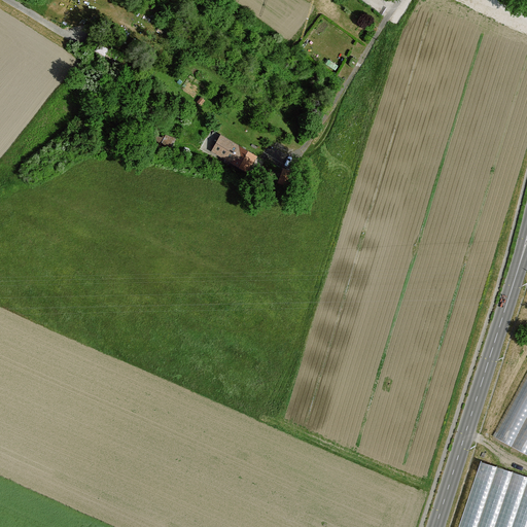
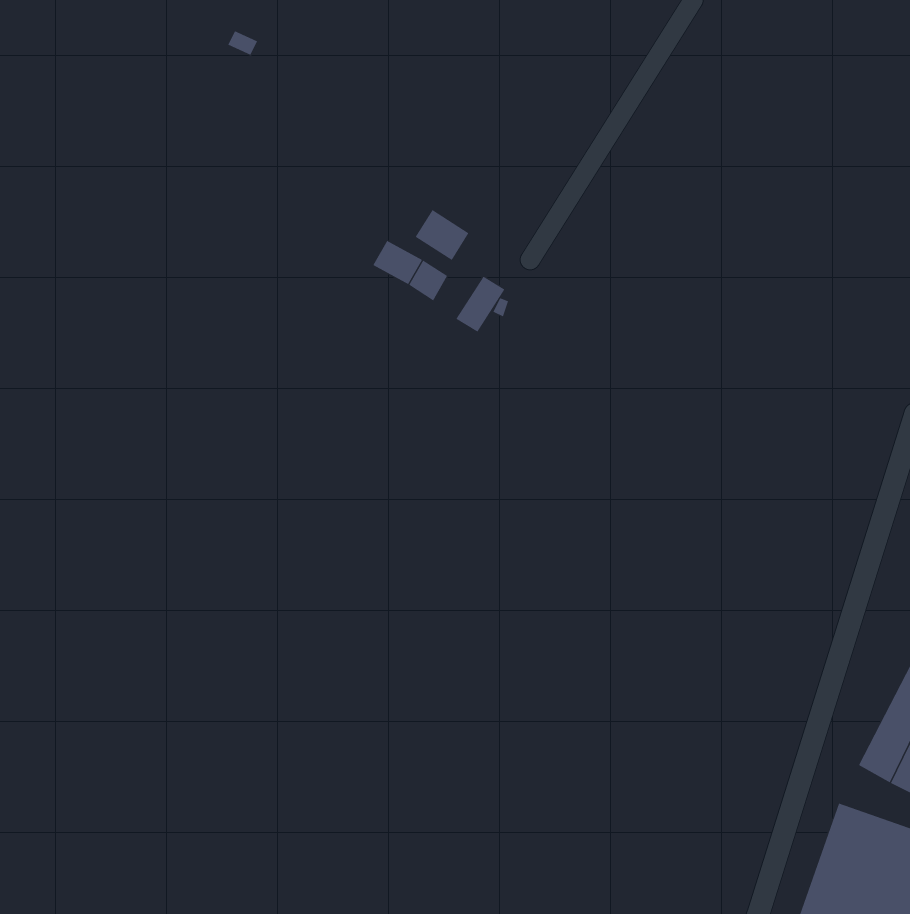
building: none -> [415,209,469,261]
building: none -> [456,276,505,332]

